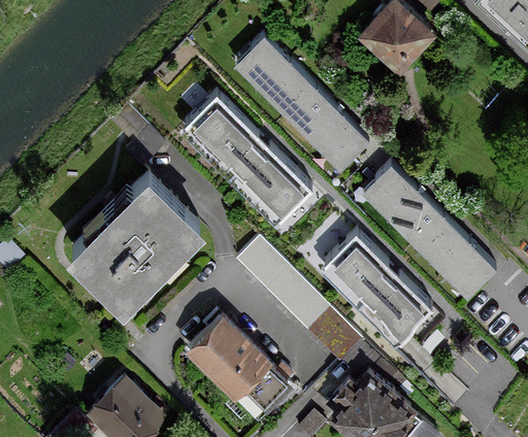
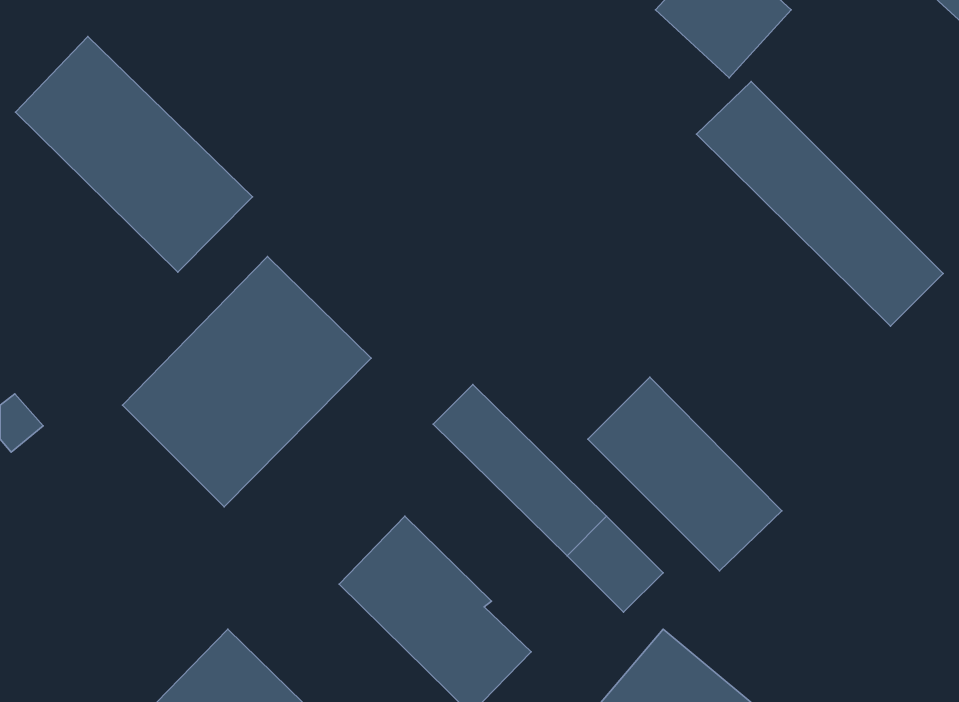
building: [236,38,370,173] -> none
building: none -> [16,37,253,272]
building: [183,96,308,222] -> none
building: [363,166,498,300] -> [696,82,943,326]

